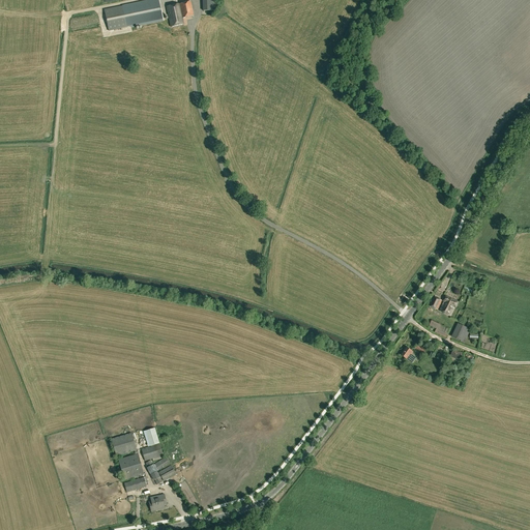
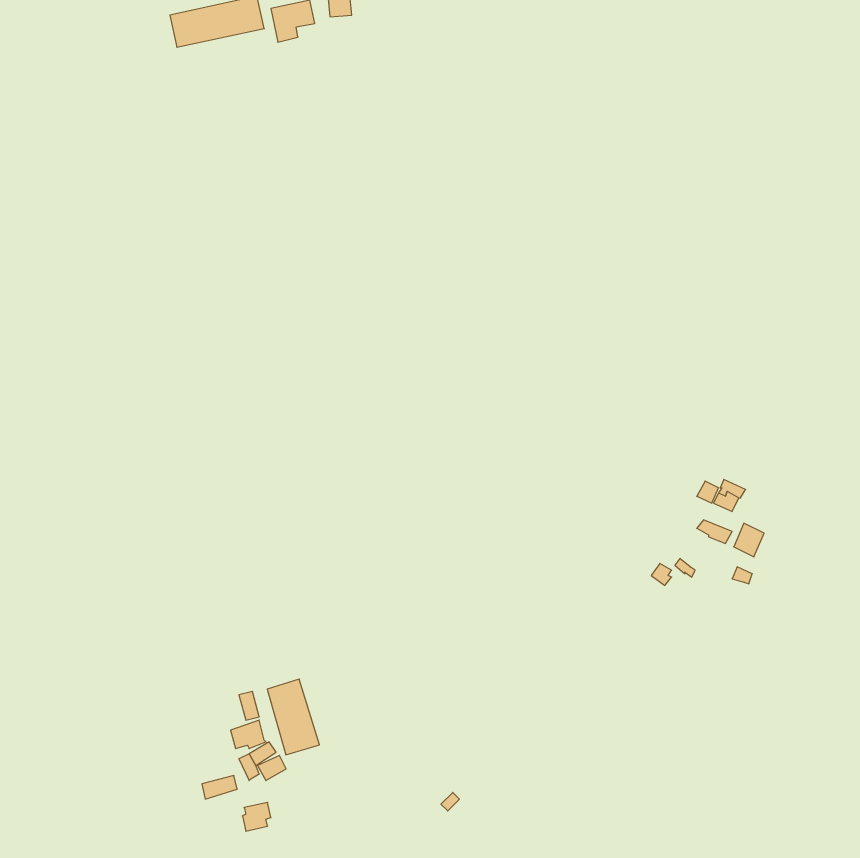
building: [112,433,144,479] -> [267,679,319,755]

